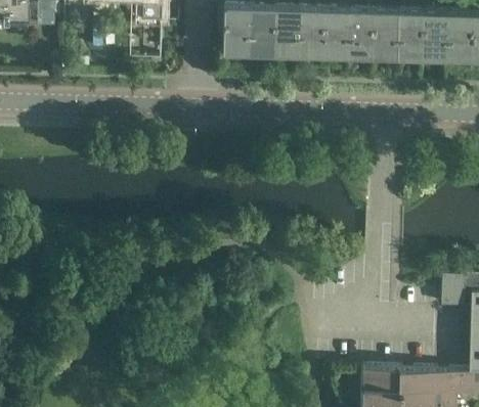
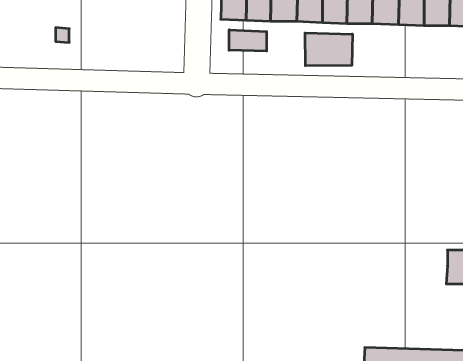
building: none -> [229,30,267,51]
building: none -> [305,33,352,66]

